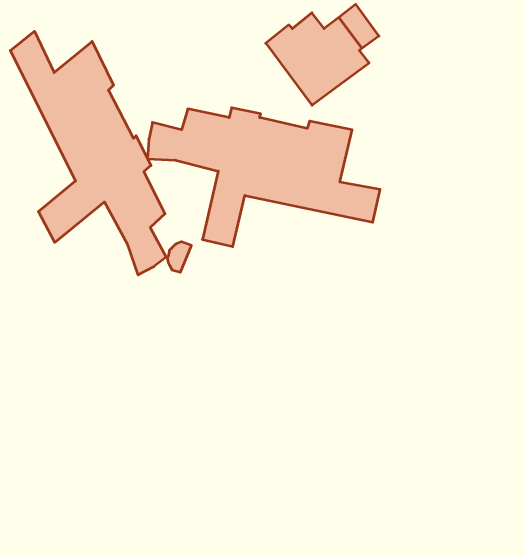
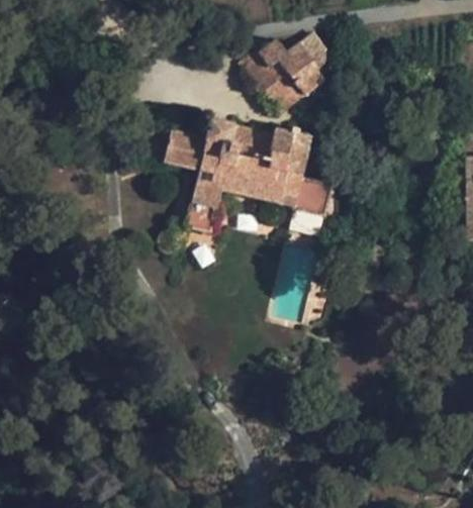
building: [10,31,166,275] -> none

